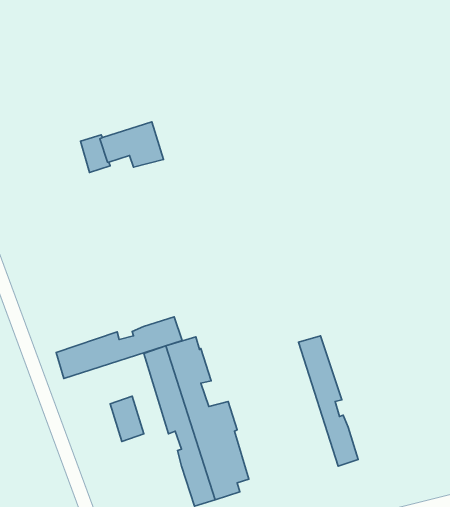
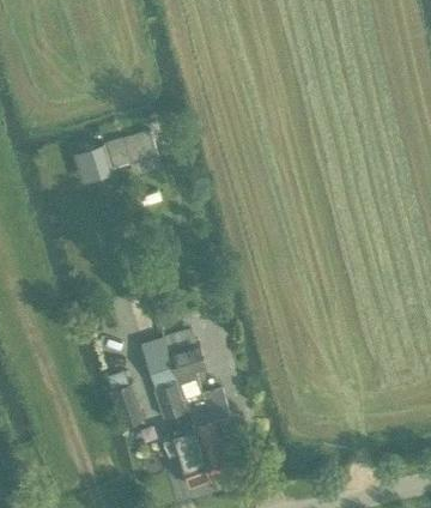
building: [56,317,182,378] -> none
building: [299,336,358,466] -> none

